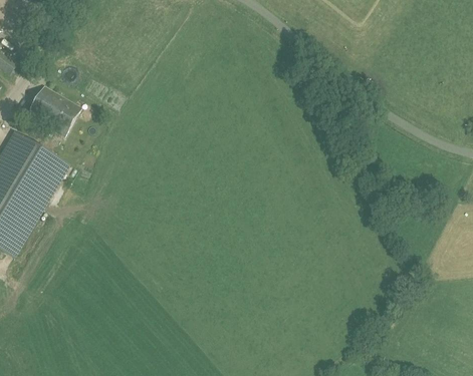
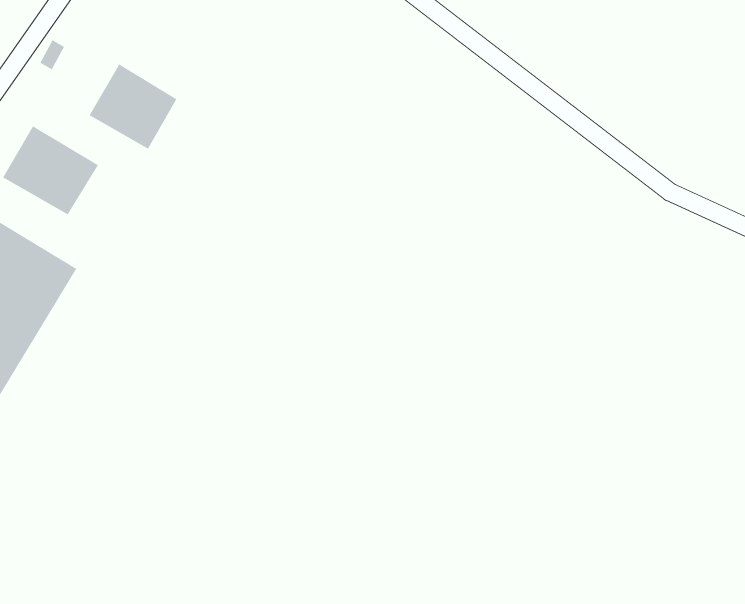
building: none -> [89,64,177,150]

